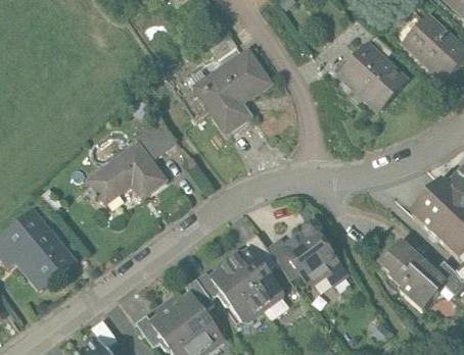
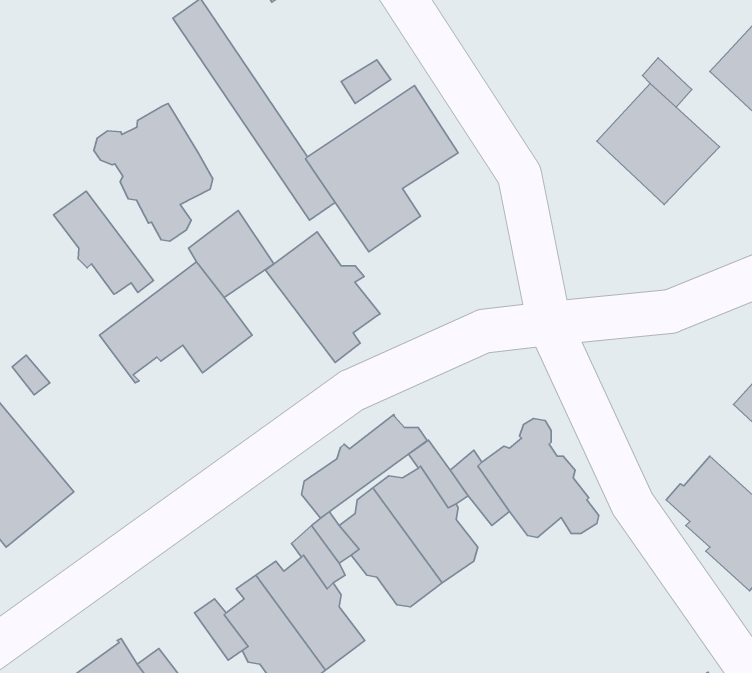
building: none -> [94,103,213,241]
building: none -> [53,191,153,294]
building: none -> [265,232,380,363]
building: none -> [302,415,427,518]

